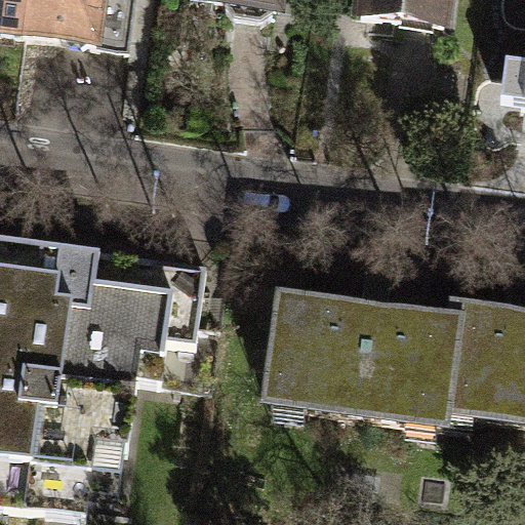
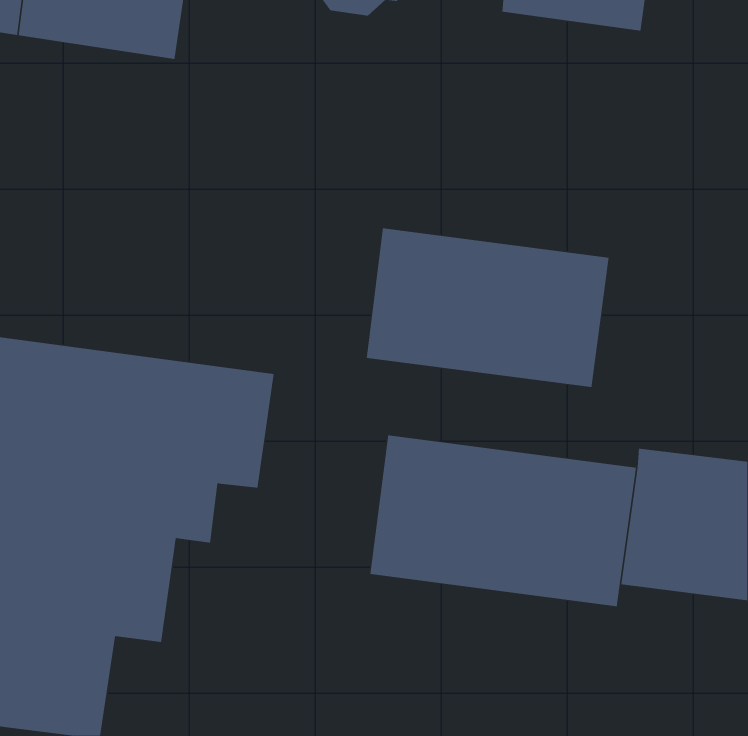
building: none -> [366,228,609,388]

